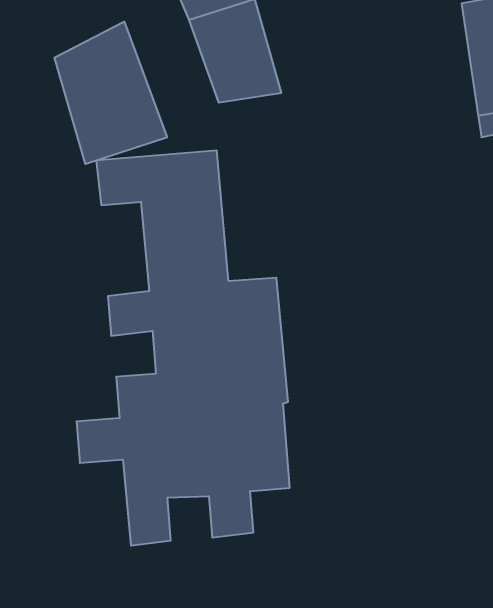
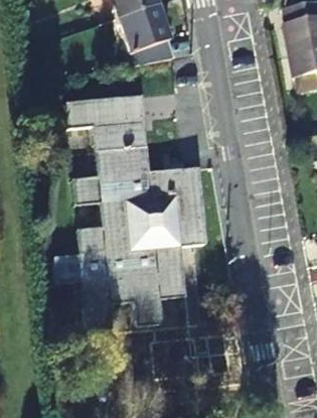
building: [54,22,167,164] -> none
building: none -> [175,169,203,248]

